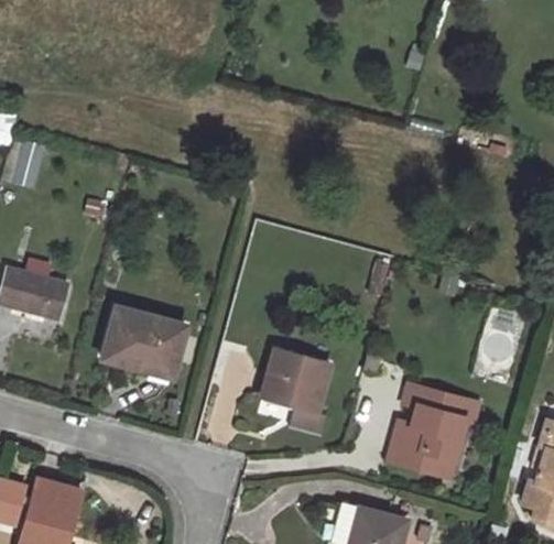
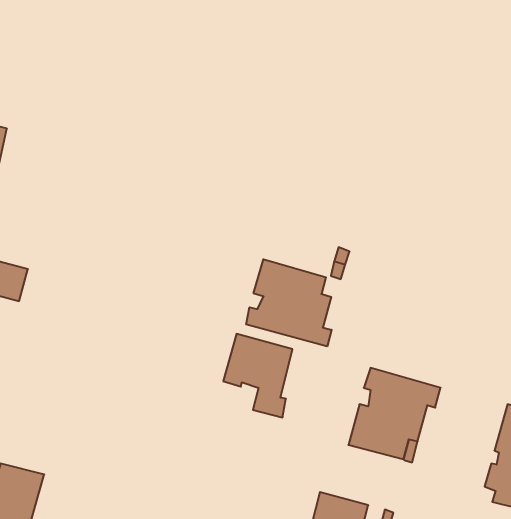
building: none -> [246,259,332,346]
building: [101,308,185,376] -> none

